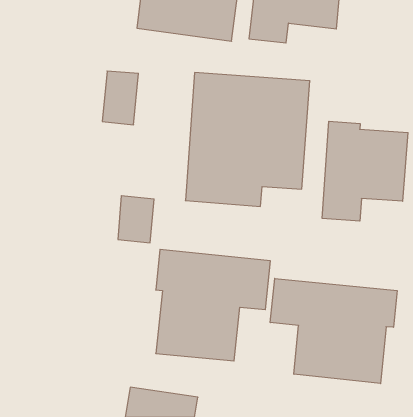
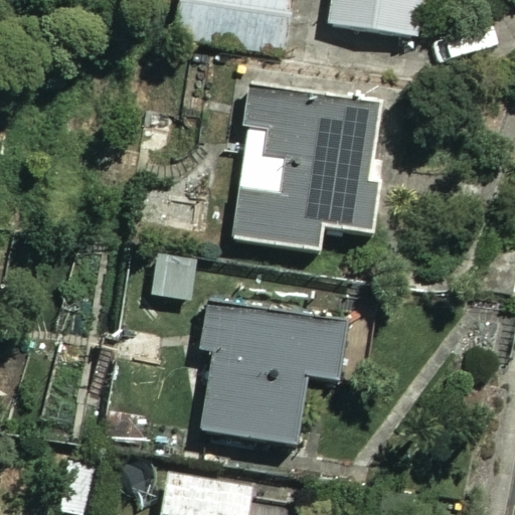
building: [322,121,408,221] -> none
building: [270,278,397,384] -> none

